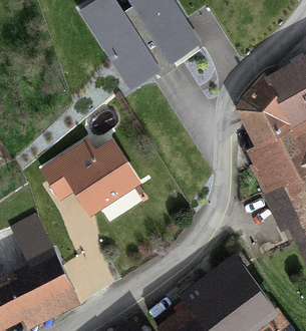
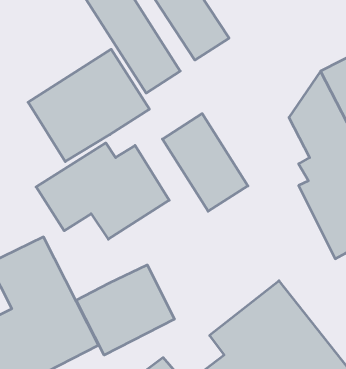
building: none -> [28,49,149,162]
building: none -> [162,114,248,211]
building: none -> [76,265,174,355]

